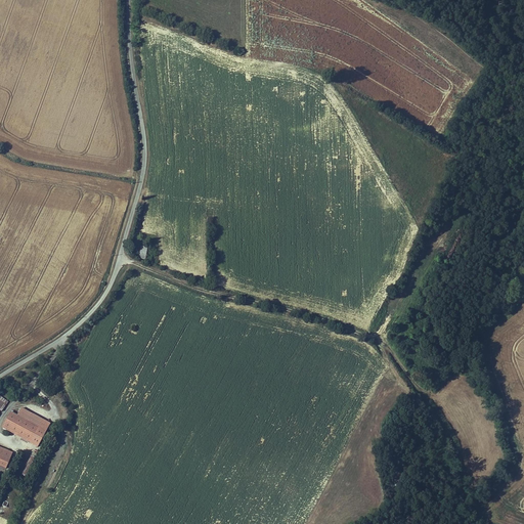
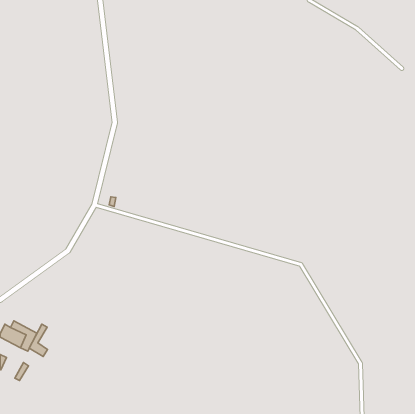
building: none -> [29,324,48,357]

